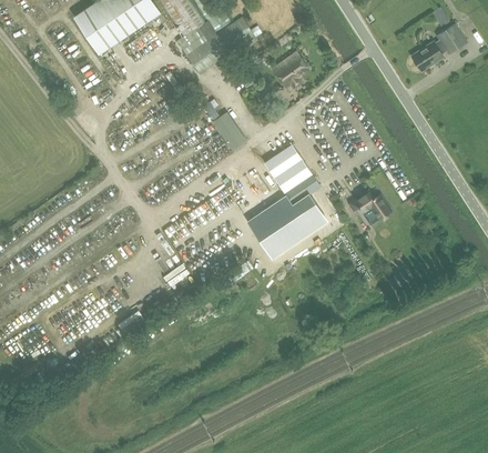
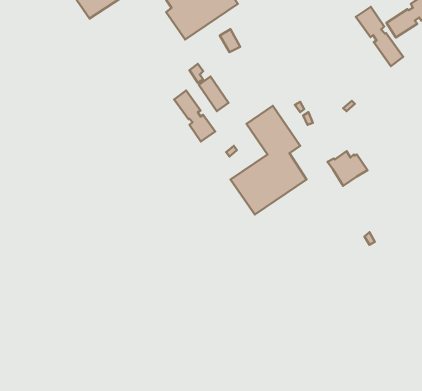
building: none -> [356,7,403,66]
building: [273,53,309,89] -> none
building: none -> [174,91,215,141]

